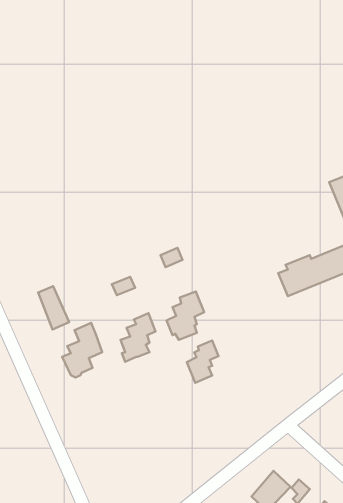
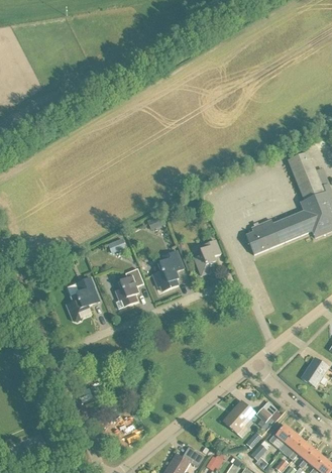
building: [38,286,69,329] -> none
building: [187,340,218,383] -> [194,240,220,275]

